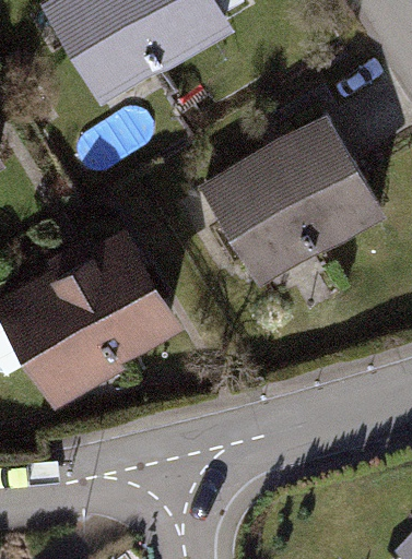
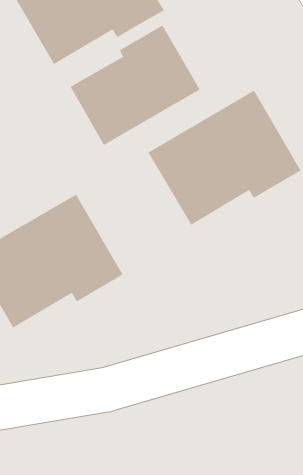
building: none -> [70,25,201,146]

